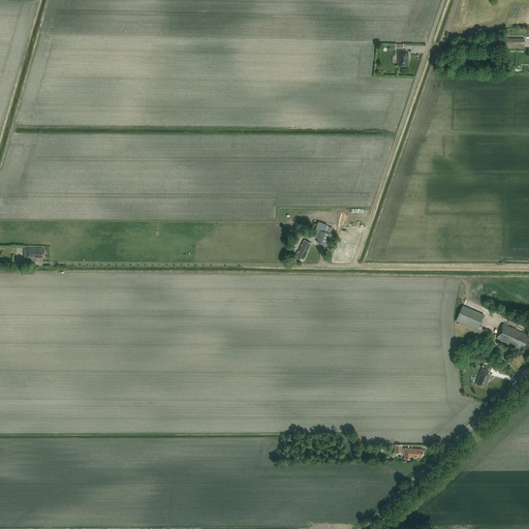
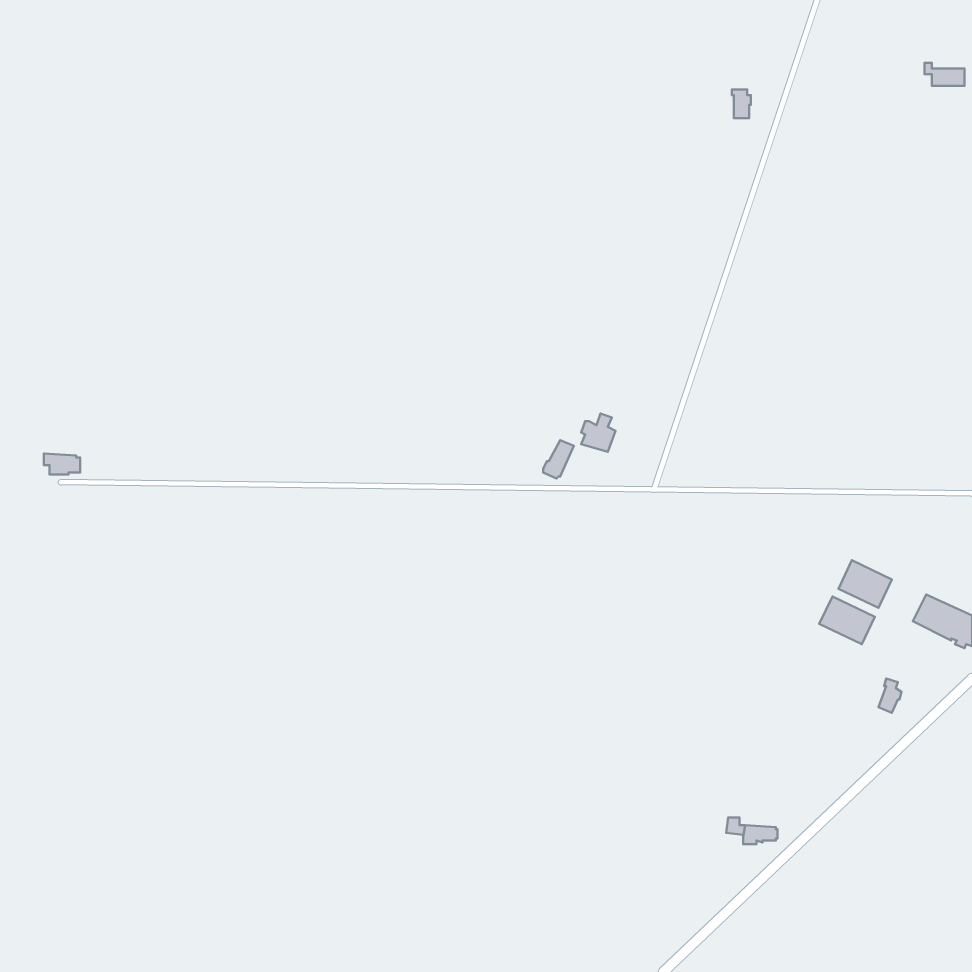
building: none -> [819,597,875,644]

